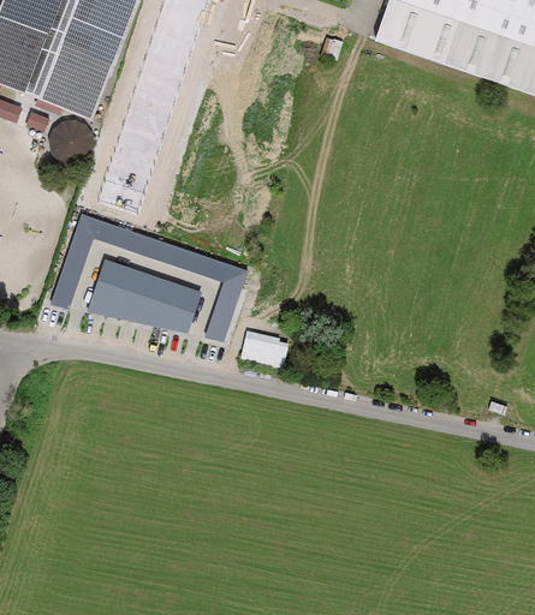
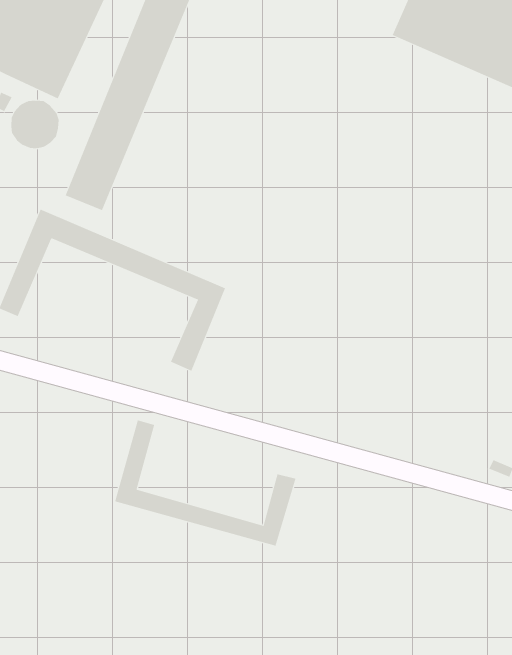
building: [88,258,203,334] -> none
building: [242,334,290,366] -> none
building: none -> [114,420,296,547]

